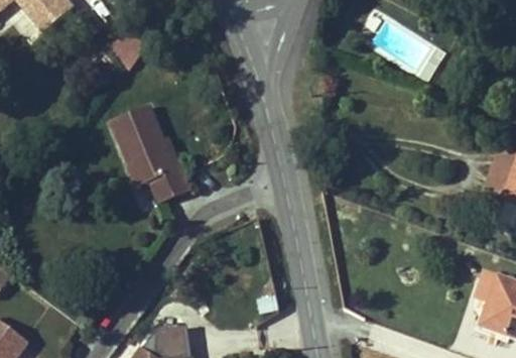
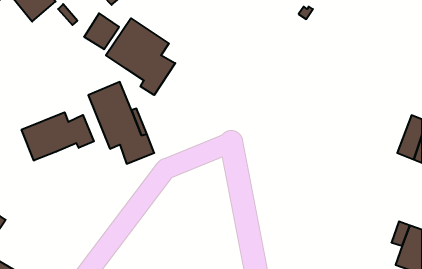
building: none -> [106,18,175,95]
building: none -> [22,112,94,161]

